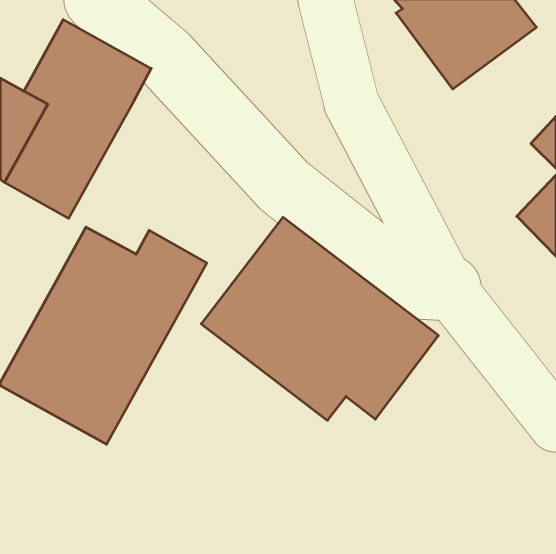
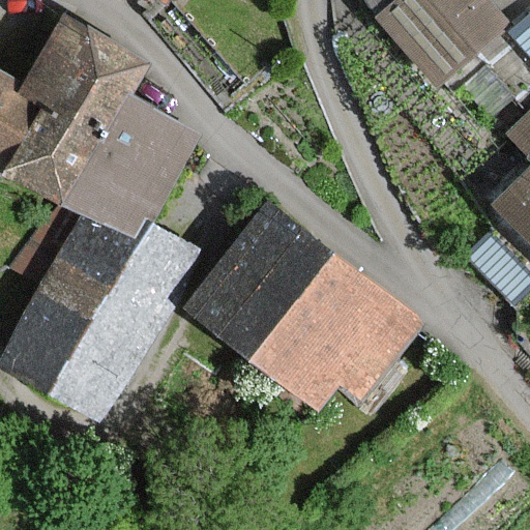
building: none -> [65,96,198,242]

